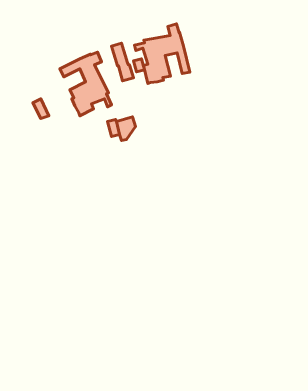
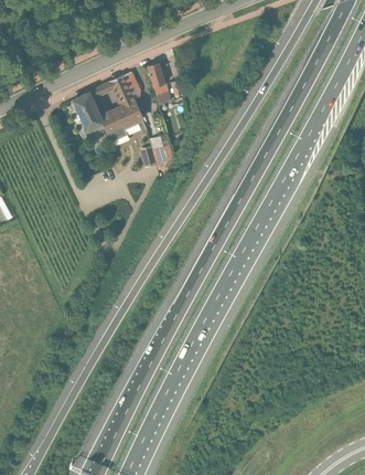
building: [135,24,190,84] -> none
building: none -> [73,91,105,130]

